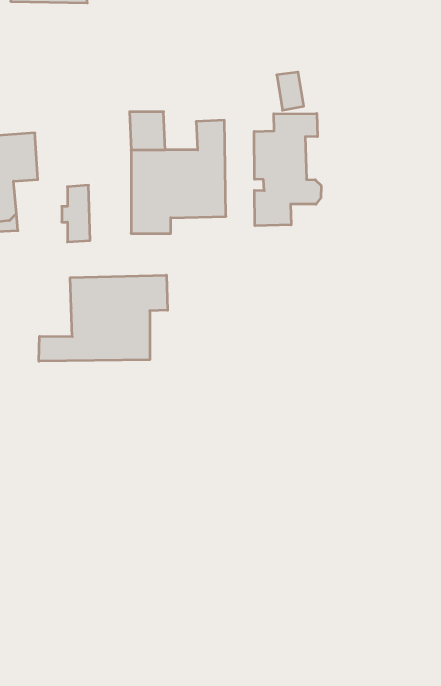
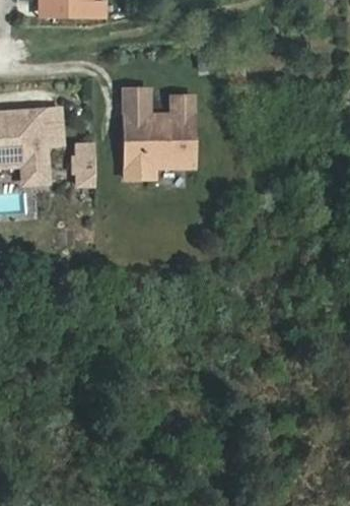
building: [254,113,321,226] -> none
building: [39,275,168,361] -> none

